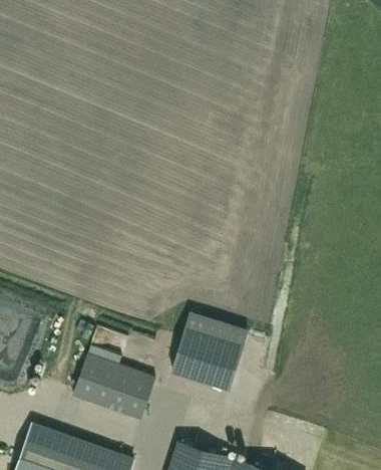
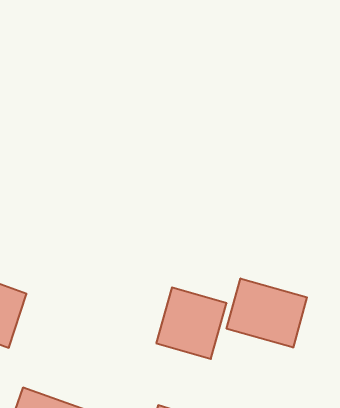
building: none -> [227,278,307,348]
building: [71,352,155,420] -> none

